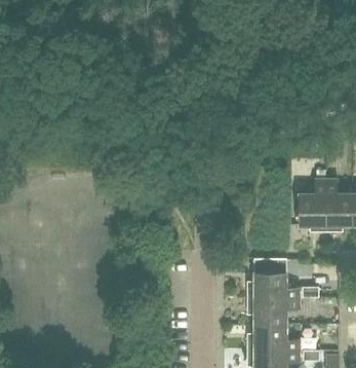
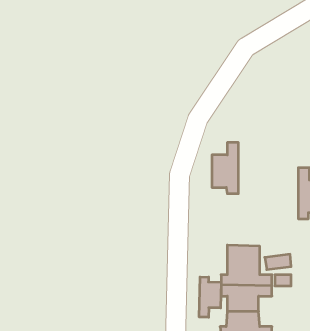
building: [300,180,326,231] -> [212,143,238,194]
building: none -> [199,277,221,317]

